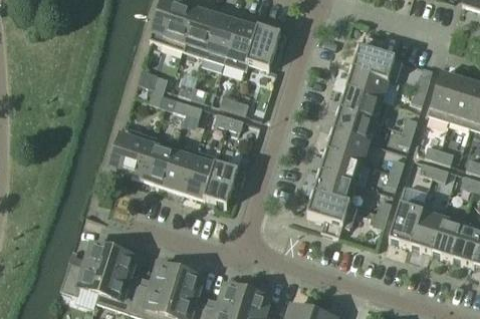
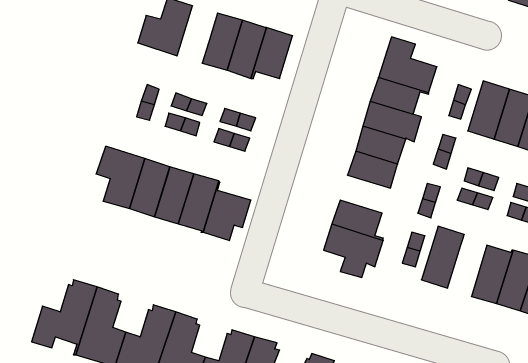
building: [182,10,216,58] -> none
building: [319,152,362,185] -> none
building: [410,206,443,255] -> none

